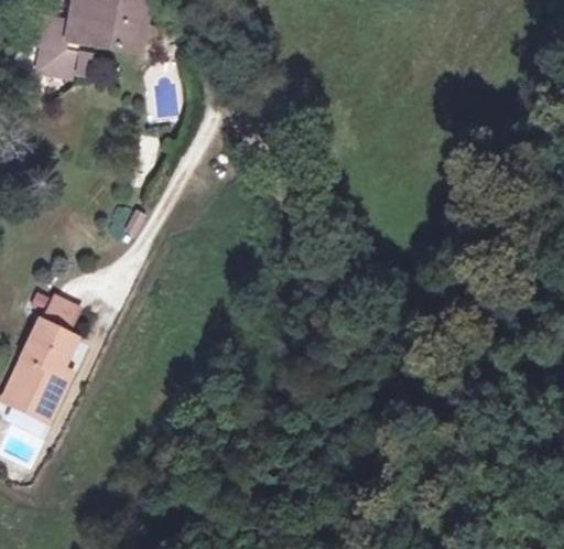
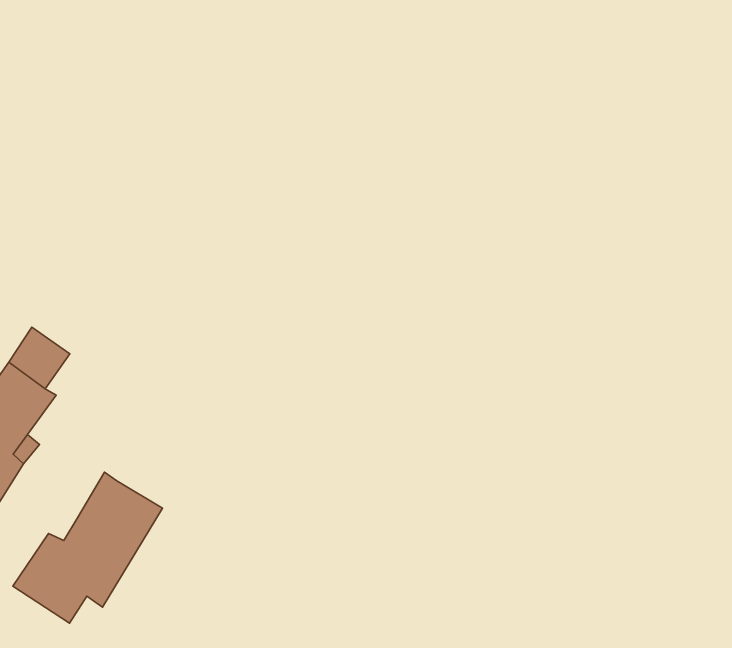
building: none -> [13,472,163,623]

